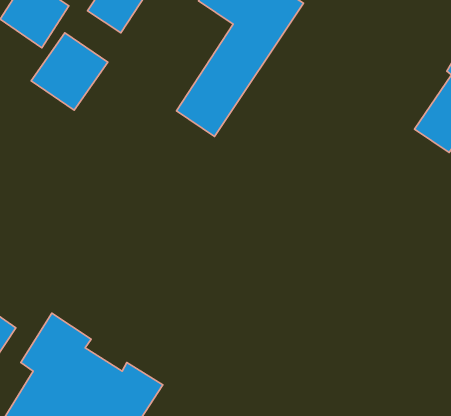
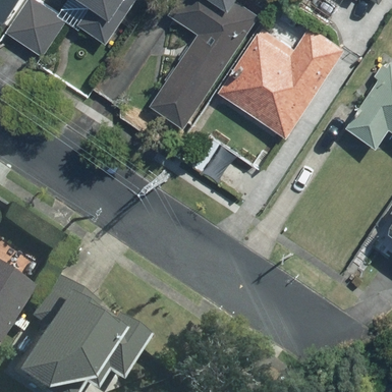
building: none -> [218,31,342,137]
building: [31,33,108,110] -> none

